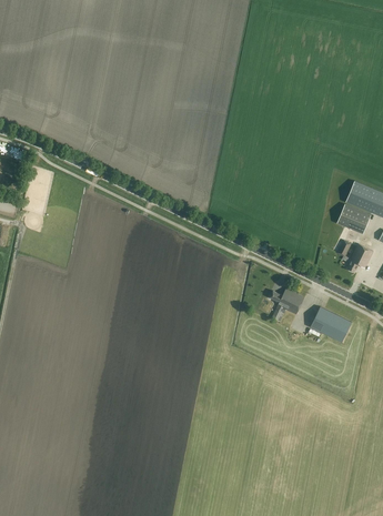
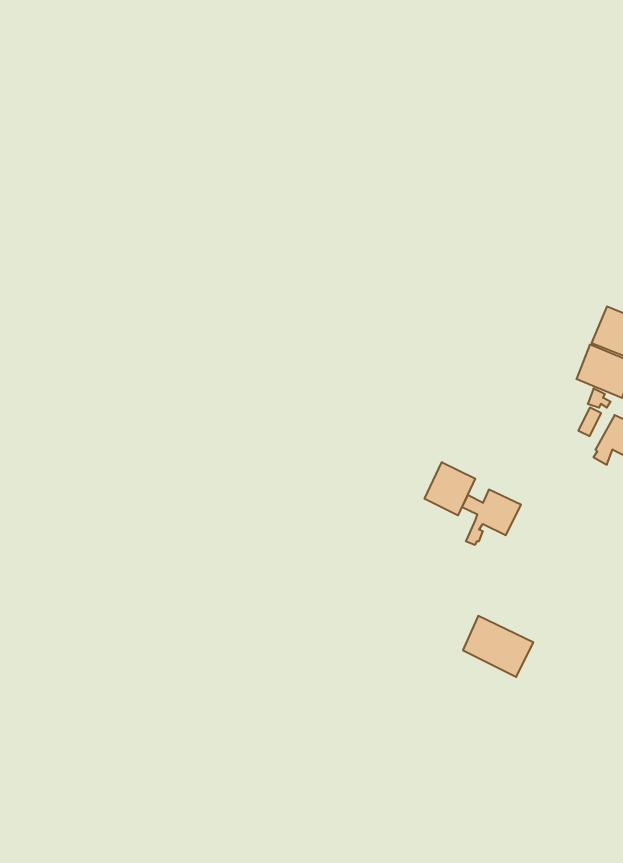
building: none -> [425,462,475,515]
building: [311,306,352,342] -> [463,616,533,677]

